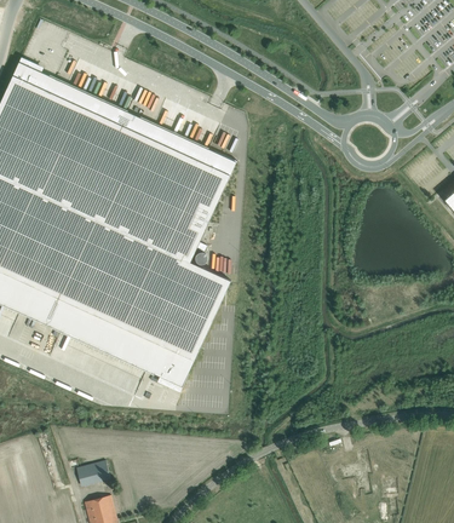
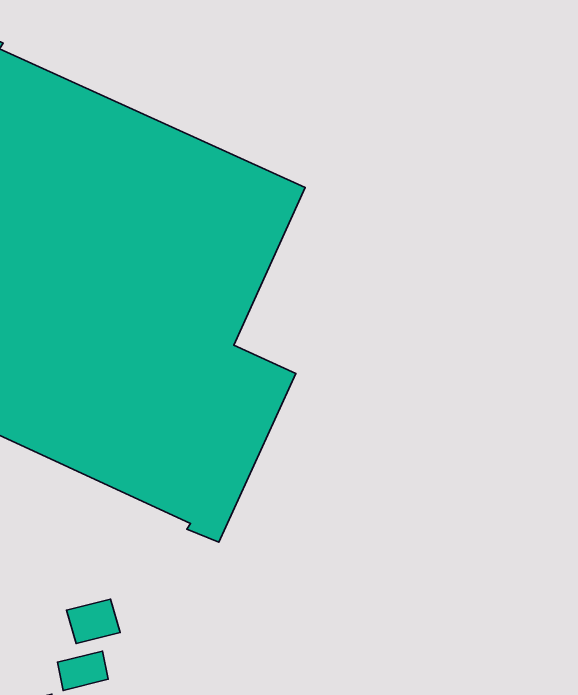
building: none -> [66,599,120,644]

